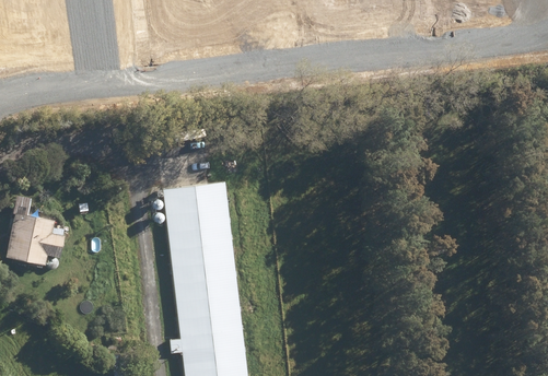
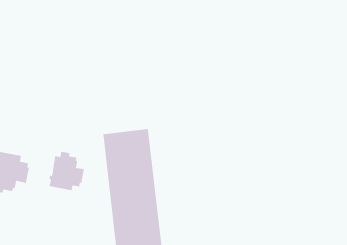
building: none -> [48,151,85,191]

